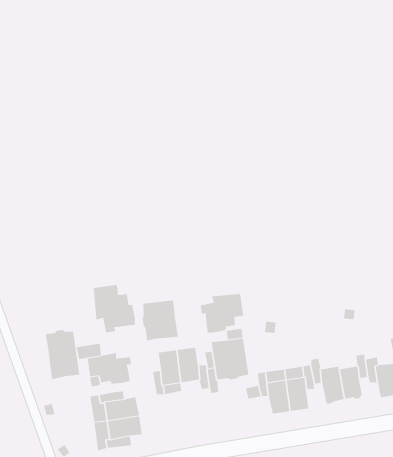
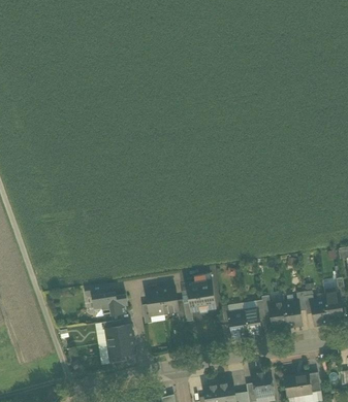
building: [93,284,135,333] -> none
building: [200,293,244,333] -> none
building: [142,300,179,341] -> none
building: [45,329,80,380] -> none

